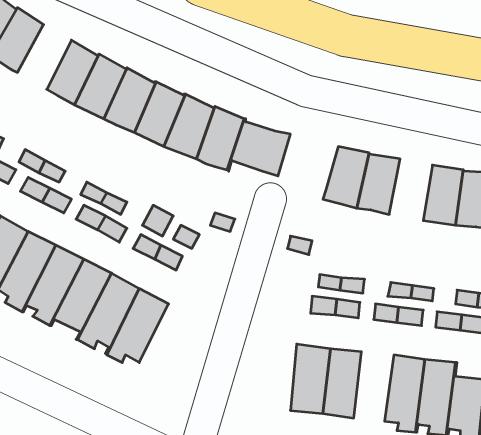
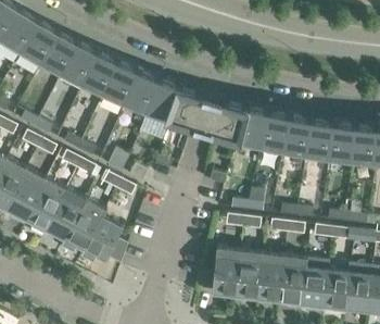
building: none -> [20,22,58,67]
building: none -> [203,99,245,138]
building: none -> [281,116,312,160]
building: none -> [256,252,284,301]

